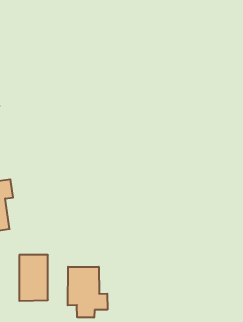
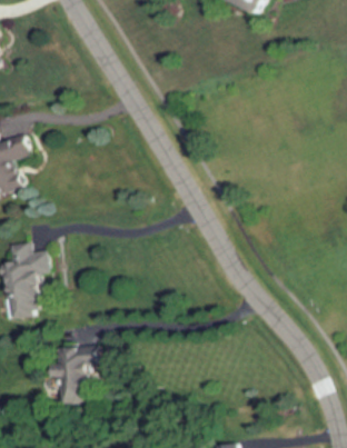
building: [68,267,107,318] -> none

